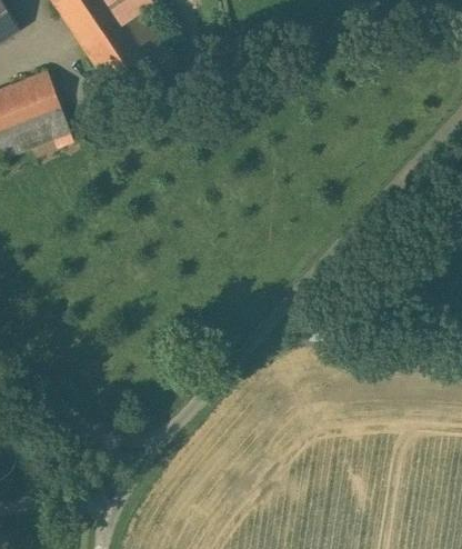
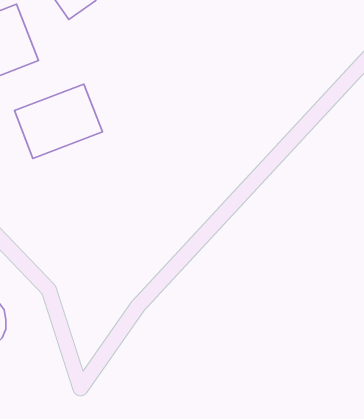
building: none -> [15,84,103,159]

